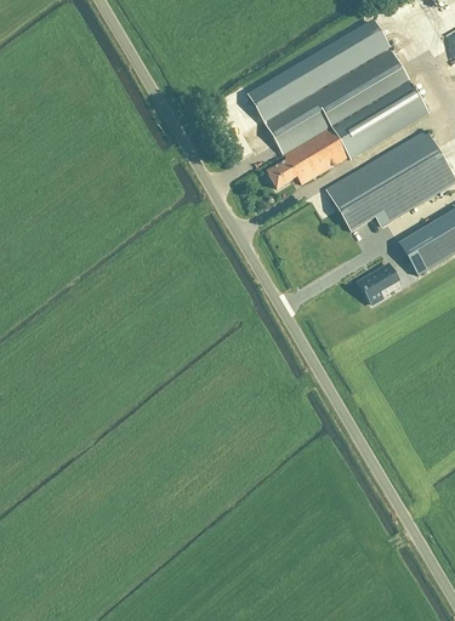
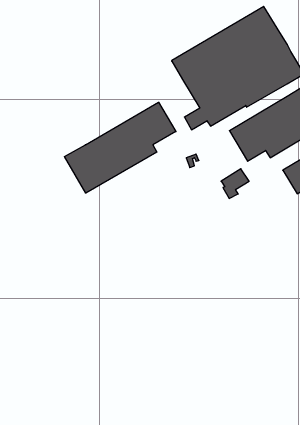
building: none -> [64,102,176,193]
building: [360,262,398,302] -> [221,169,249,198]

